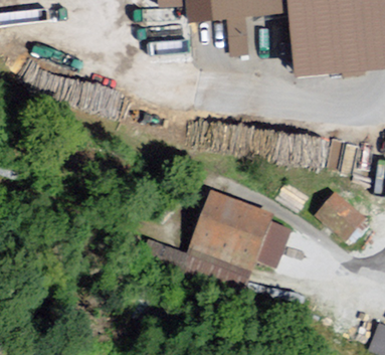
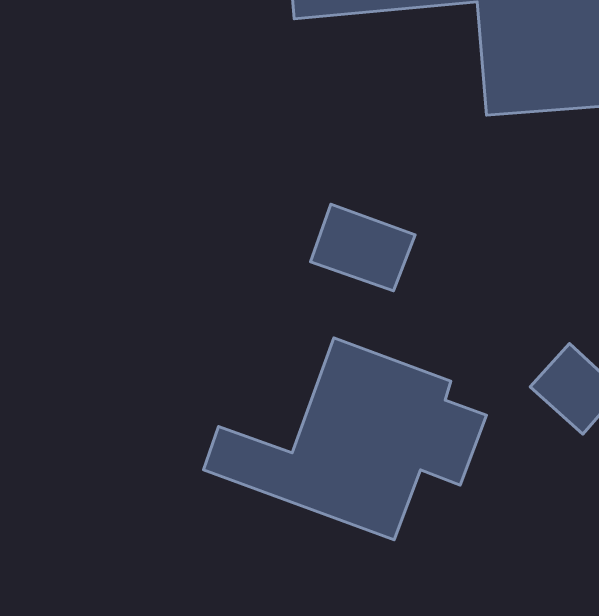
building: none -> [311,204,415,291]

